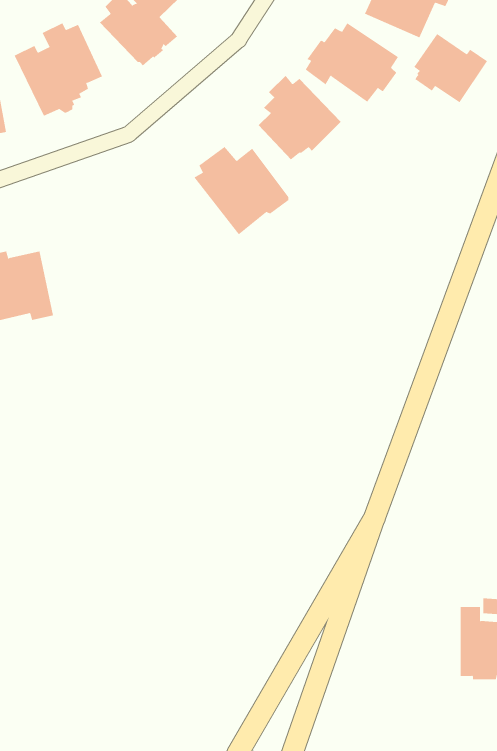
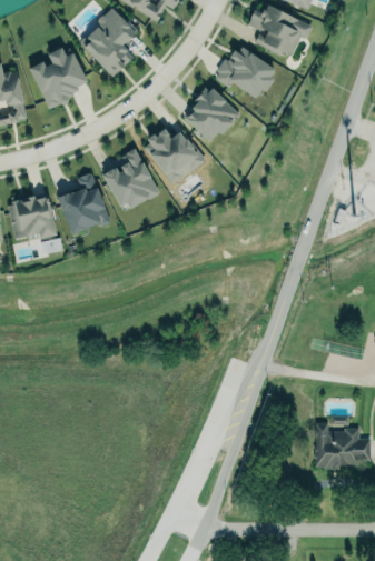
building: [414,33,488,103] -> none
building: none -> [103,148,159,210]
building: none -> [58,173,110,236]

